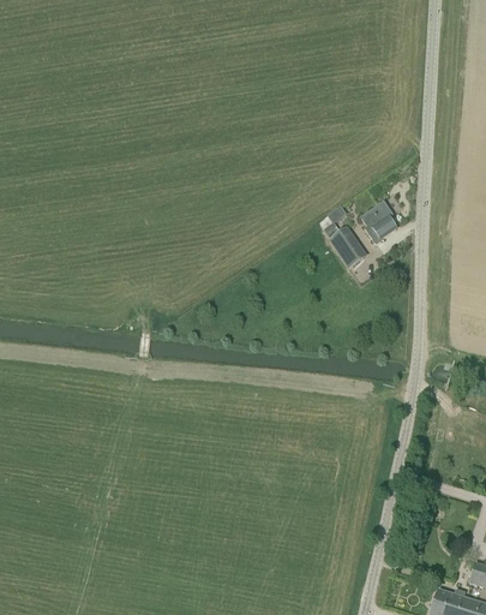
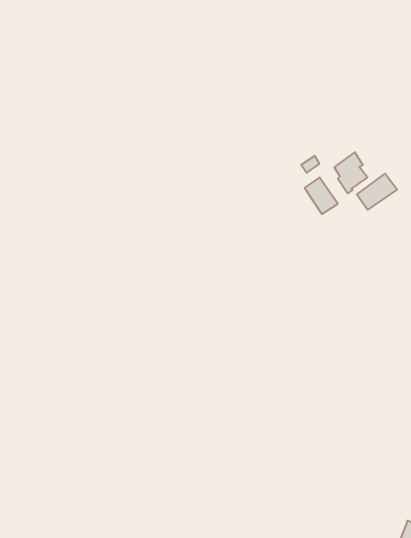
building: none -> [357,174,397,210]

